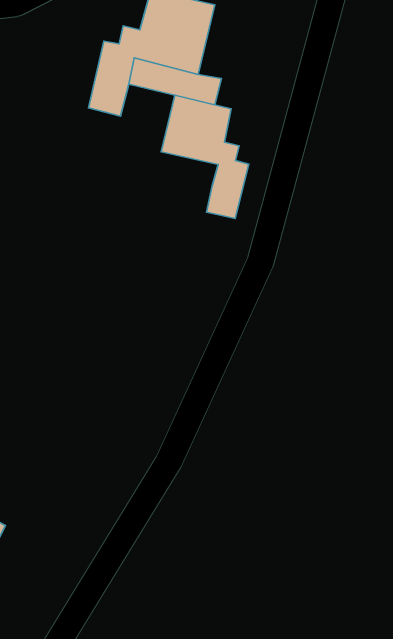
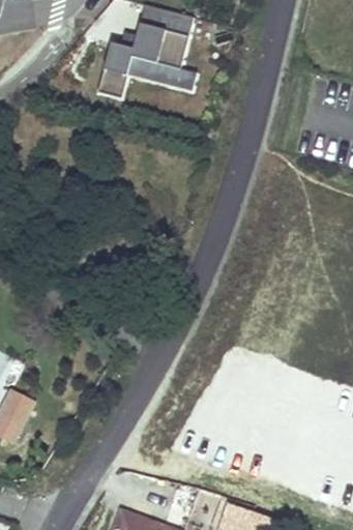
building: [161,95,249,219] -> none

